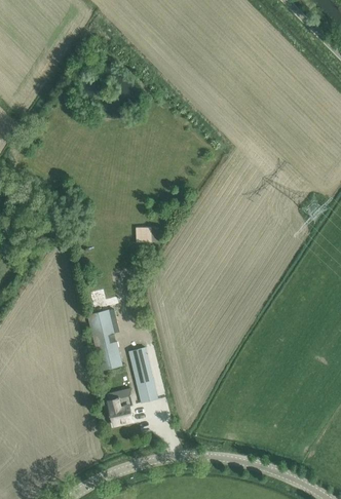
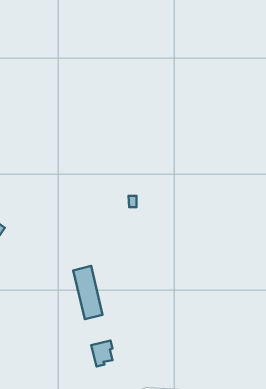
building: [129,348,158,404] -> none

